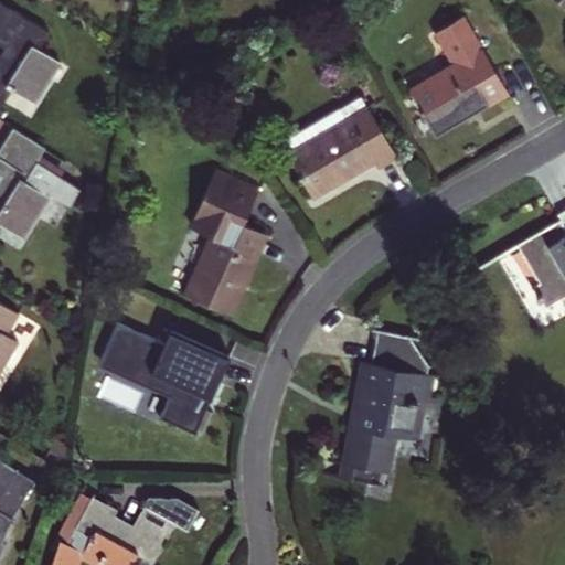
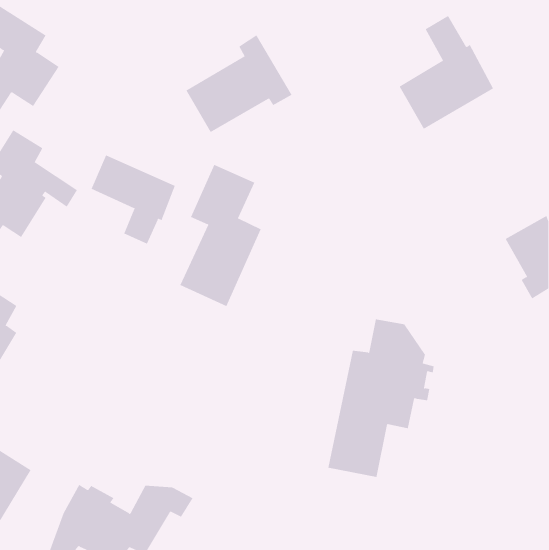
building: [286,97,395,198] -> [185,34,292,133]
building: none -> [91,154,176,245]
building: [100,326,230,437] -> none

